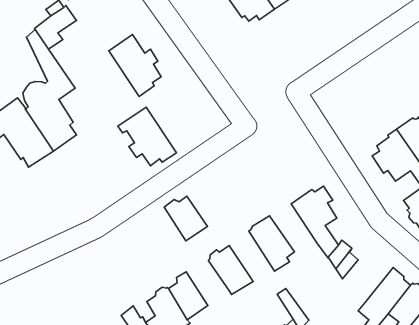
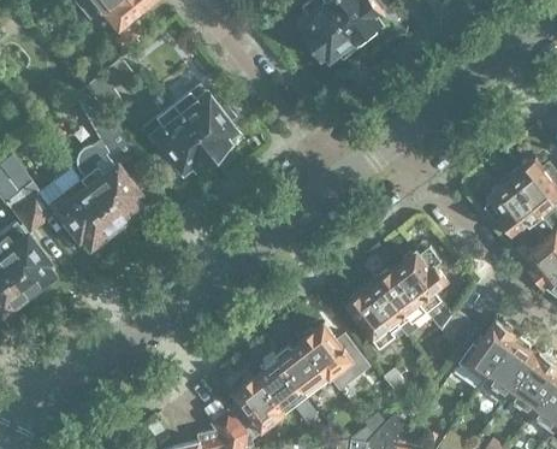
building: [118,107,176,166] -> [140,107,209,175]
building: [164,196,208,241] -> [277,343,328,395]
building: none -> [369,271,426,336]
building: none -> [460,323,516,380]

